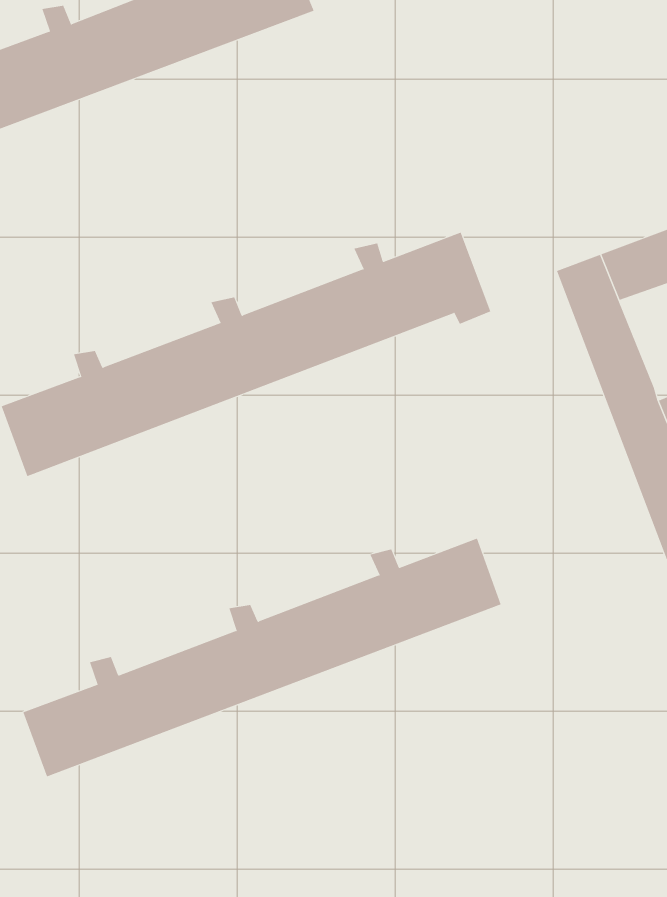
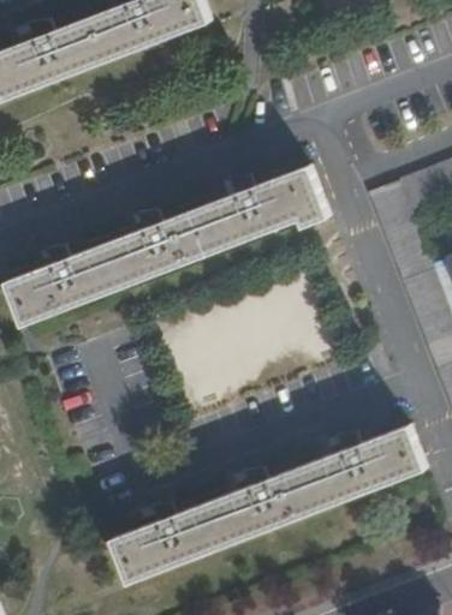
building: [22,538,501,777] -> [115,422,426,577]

